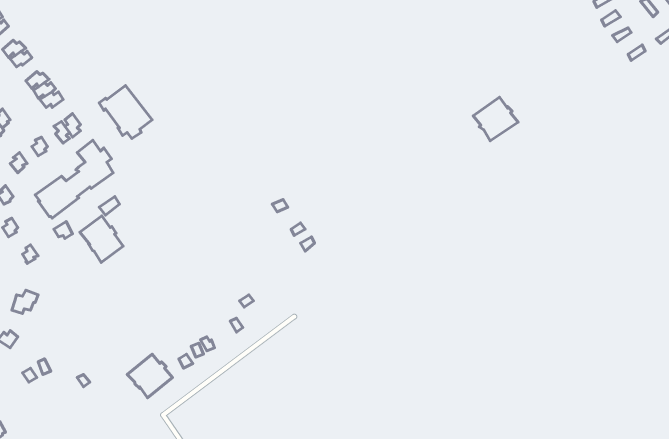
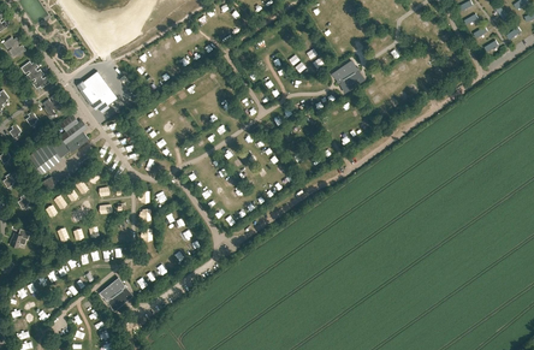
building: [473,97,518,141] -> [331,60,366,94]
building: [80,216,123,262] -> none

